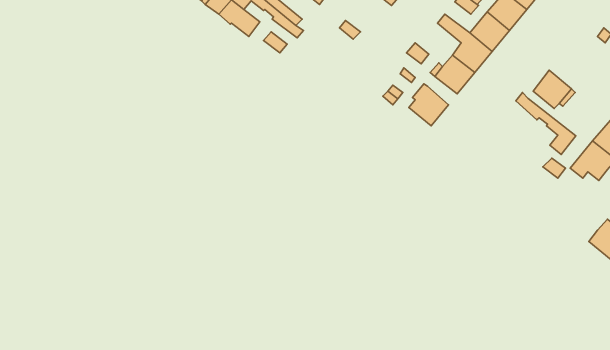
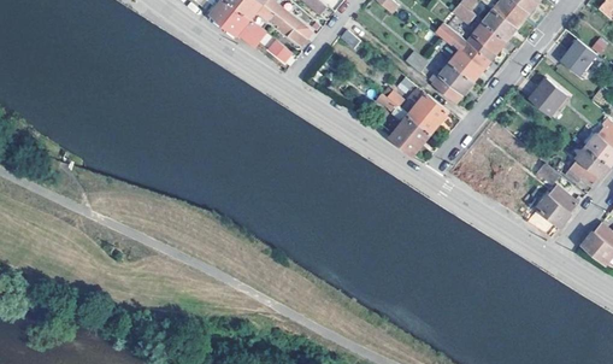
building: none -> [560,36,596,72]
building: [516,93,576,154] -> none
building: none -> [391,113,430,153]
building: none -> [538,184,578,224]

